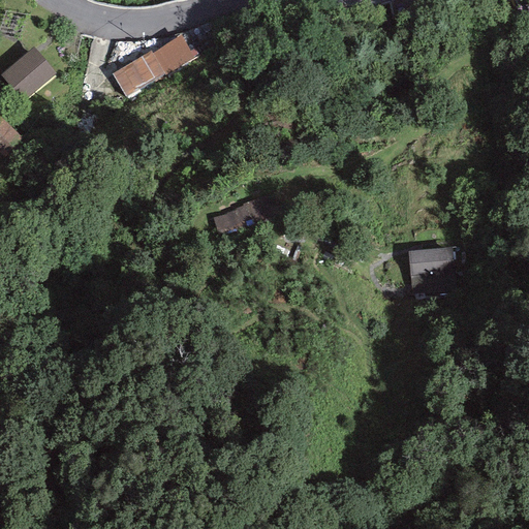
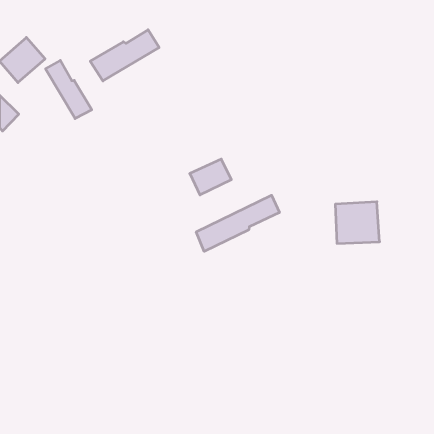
building: none -> [46,60,92,119]
building: none -> [196,195,279,251]

